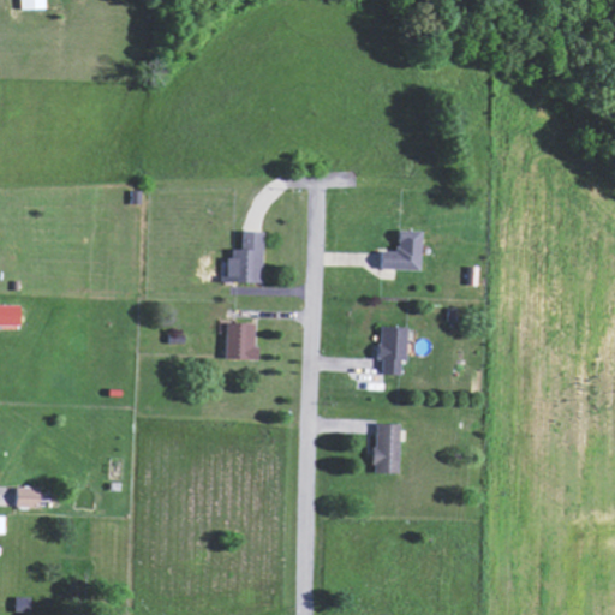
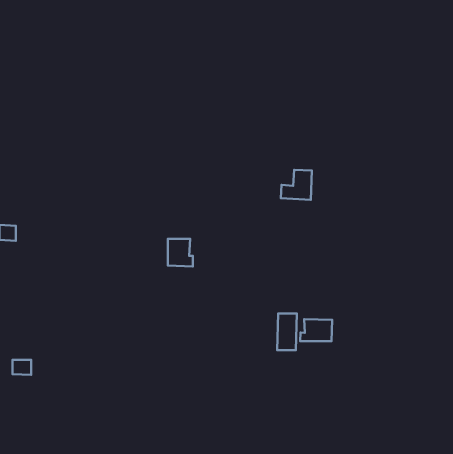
building: [221,231,264,283] -> none
building: [378,326,407,375] -> none
building: none -> [300,319,332,341]

